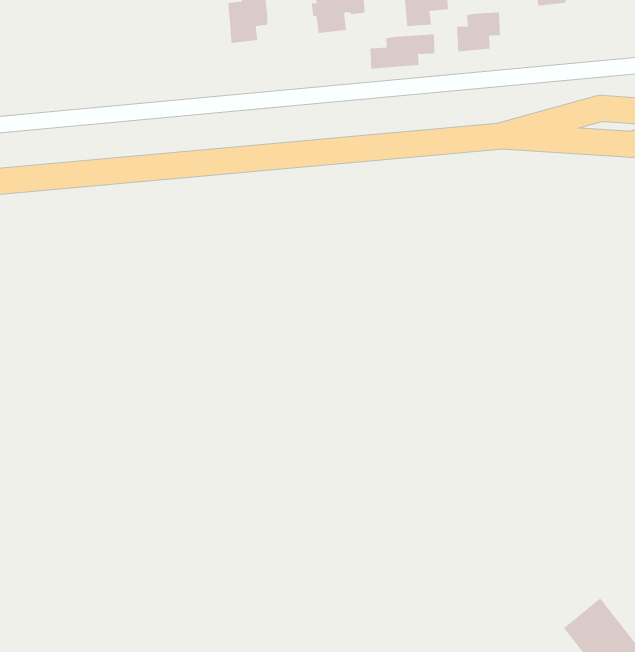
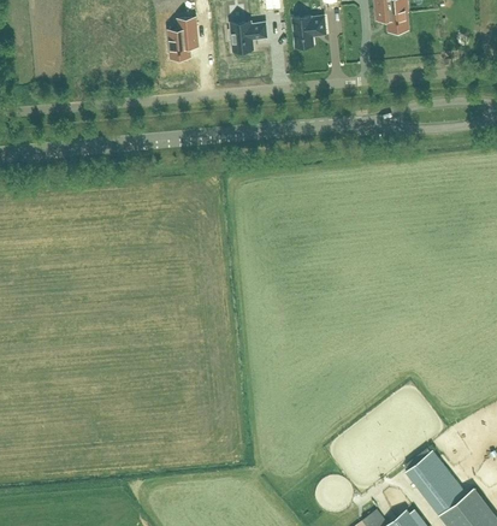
building: [456,12,500,52] -> none
building: [370,34,435,70] -> none

